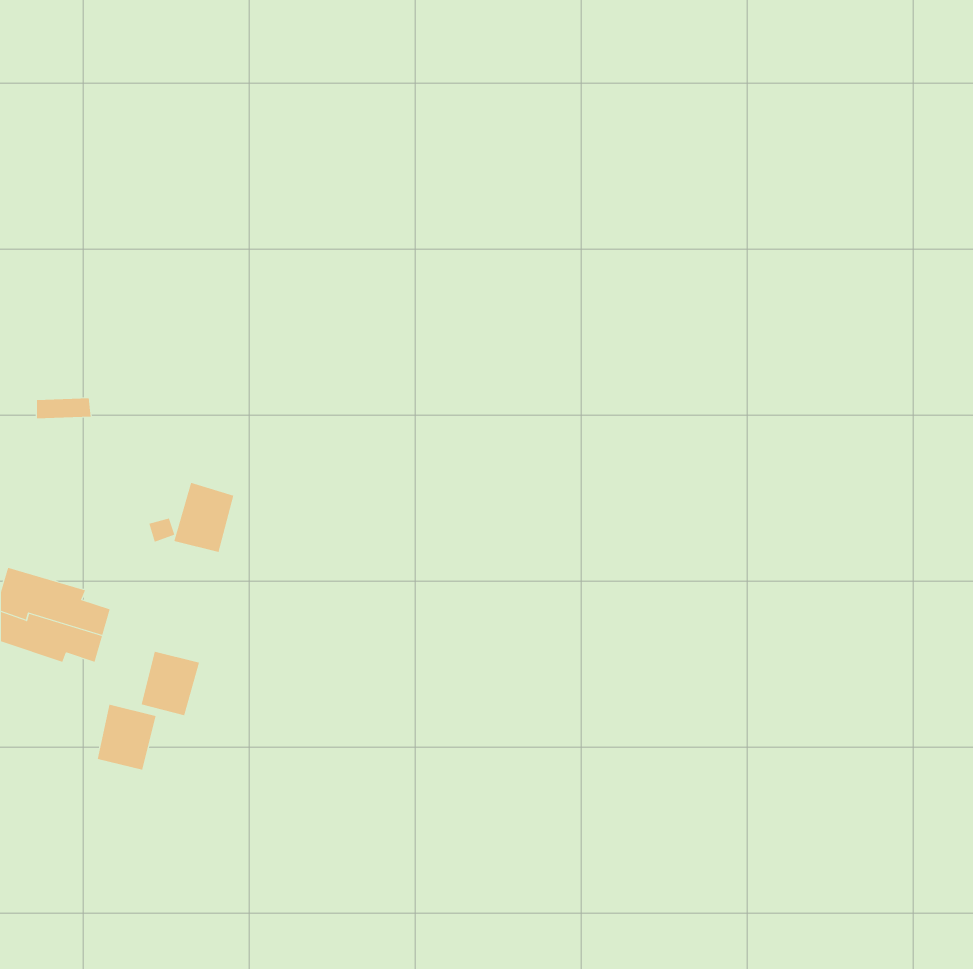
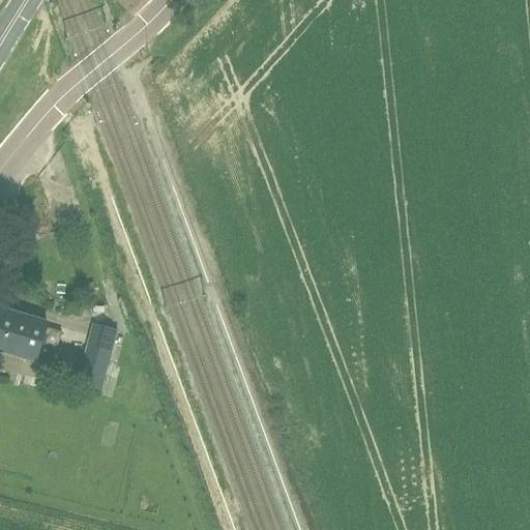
building: [173,482,234,552] -> [84,322,117,360]
building: [97,704,156,770] -> none

